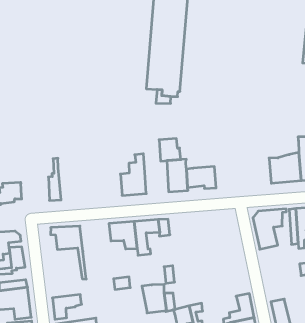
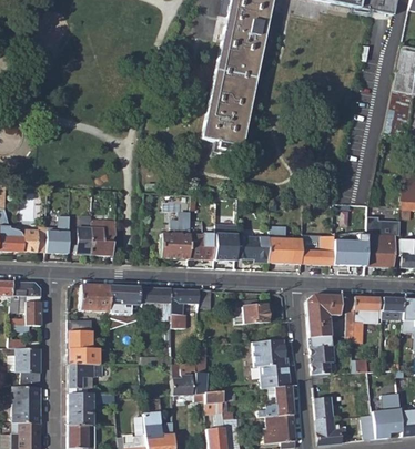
building: [159,139,181,161] -> [189,234,212,259]
building: none -> [307,236,333,264]
building: none -> [269,237,296,263]
building: none -> [91,217,118,255]
building: none -> [47,217,71,252]
building: none -> [237,300,267,324]
building: none -> [109,286,136,316]
building: none -> [310,335,335,375]
building: none -> [68,312,109,364]
building: none -> [253,338,292,388]

